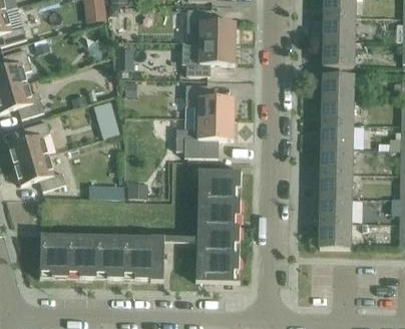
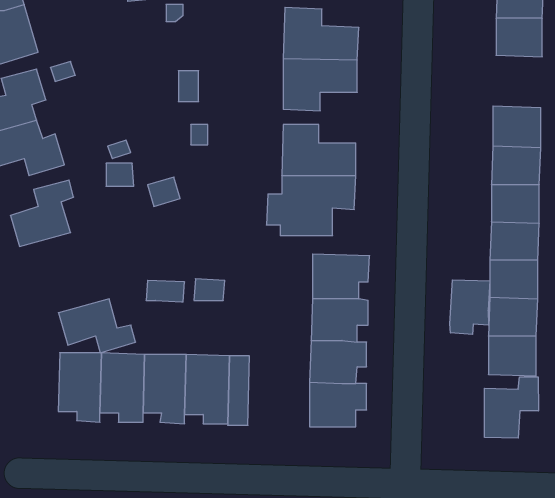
building: [323,39,354,65] -> none
building: [14,154,64,190] -> [58,299,136,353]
building: none -> [450,280,490,334]
building: none -> [485,377,538,438]

